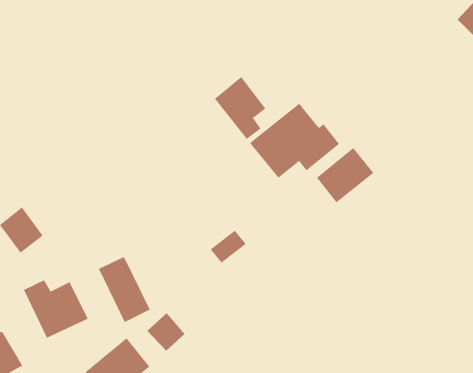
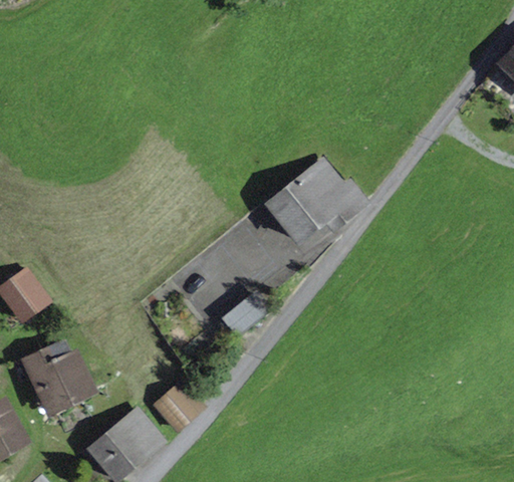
building: [214,76,266,140] -> none
building: [316,147,374,203] -> none
building: [98,256,151,323] -> none

